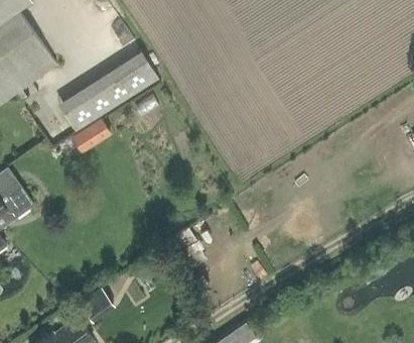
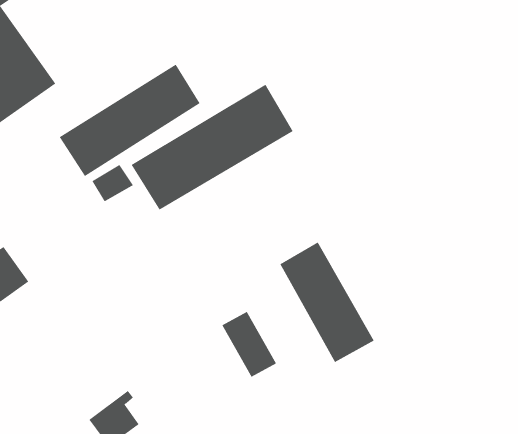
building: none -> [131,84,293,211]
building: none -> [280,241,374,363]

